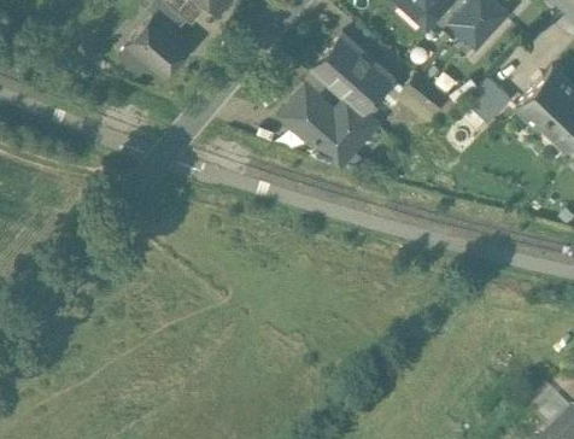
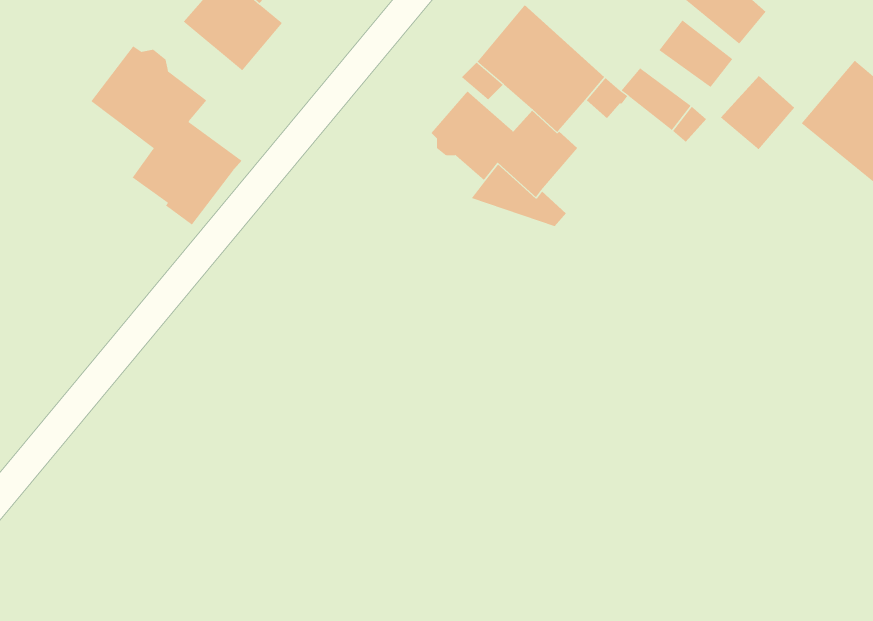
building: none -> [659,19,733,88]
building: none -> [90,46,242,225]

